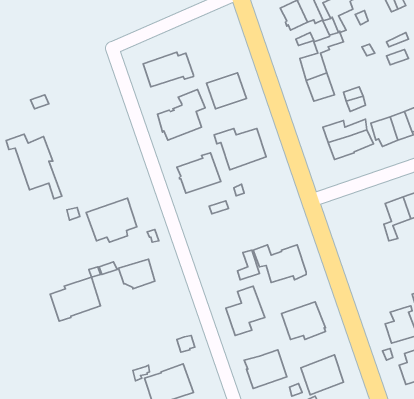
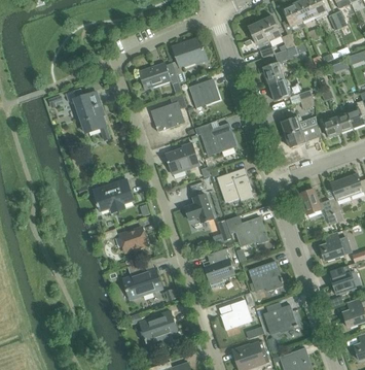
building: none -> [172,37,206,82]
building: [6,134,62,199] -> [66,89,110,140]
building: none -> [216,167,253,202]
building: none -> [299,189,337,225]
building: none -> [185,194,214,222]
building: none -> [319,232,343,261]
building: [50,277,100,321] -> [122,265,162,300]

